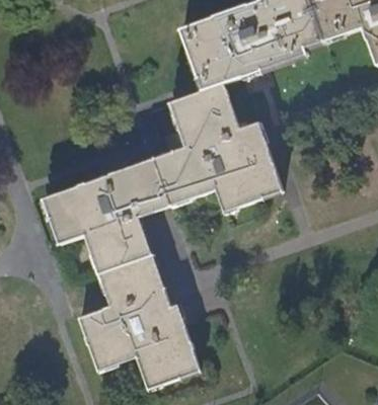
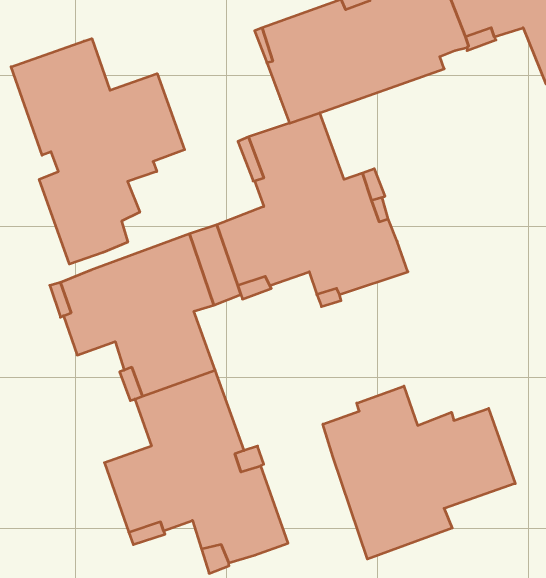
building: none -> [11,39,185,264]
building: none -> [323,386,515,559]

